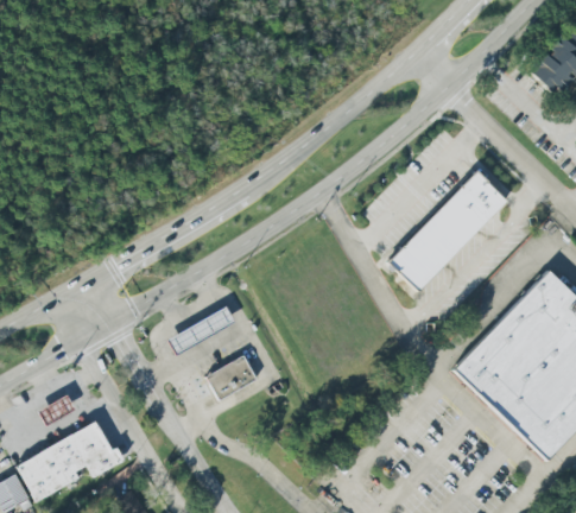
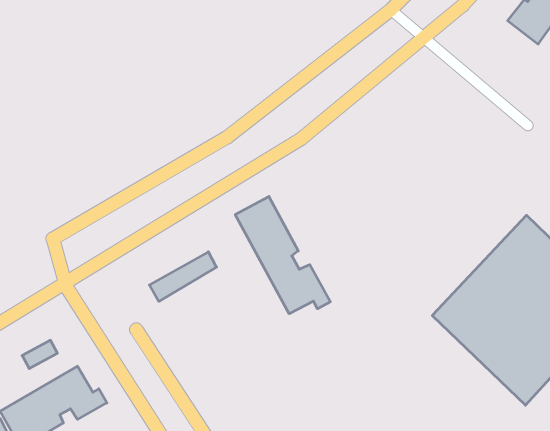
building: [390,167,508,290] -> none
building: none -> [235,196,330,314]
building: [208,353,260,399] -> none

